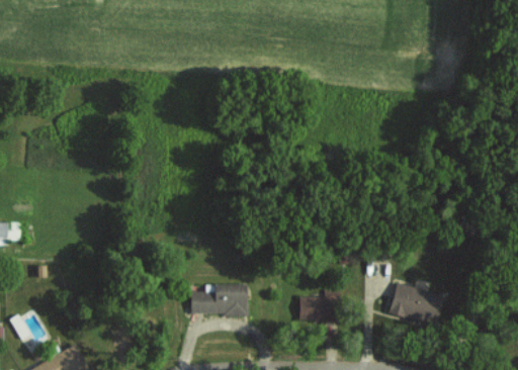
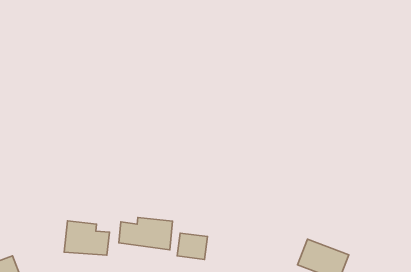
building: [299,297,330,322] -> [177,233,207,259]
building: none -> [64,221,109,255]

